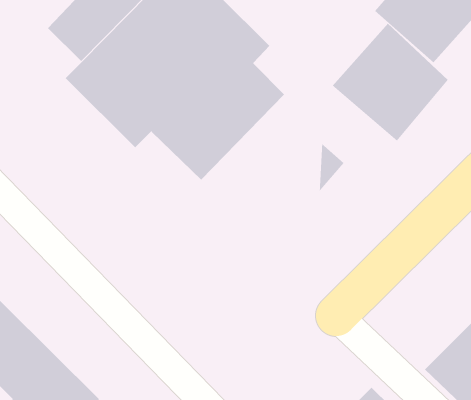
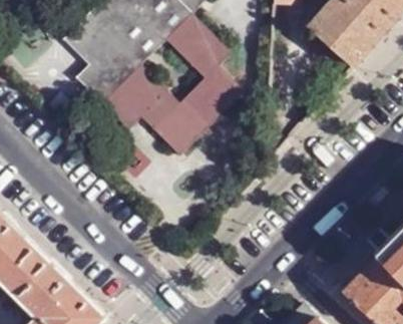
building: [332,23,449,141] -> none

